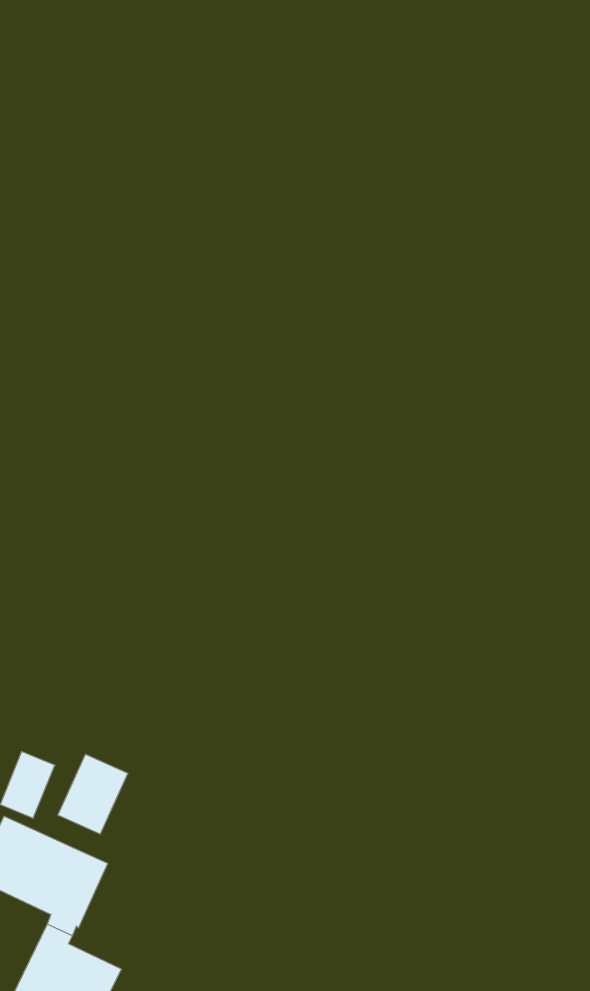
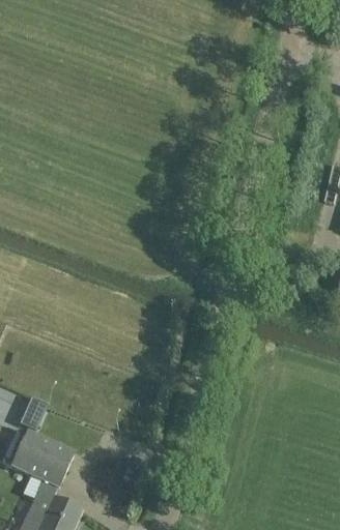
building: [58,754,128,834] -> none

